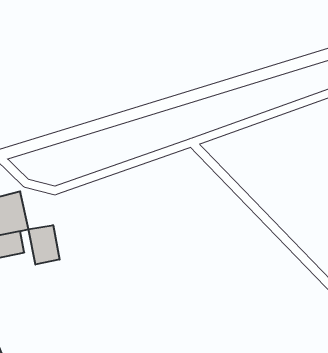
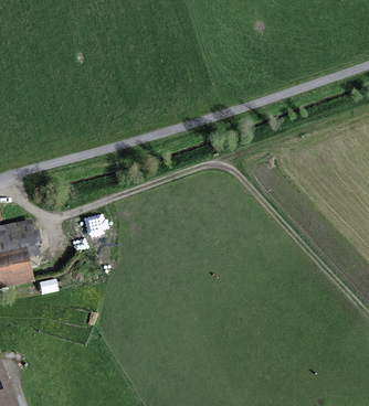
building: [28,225,60,265] -> none

